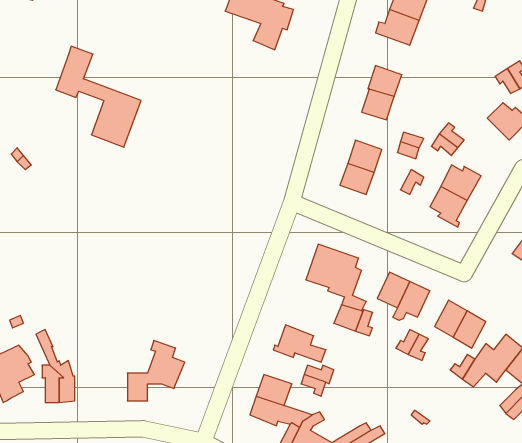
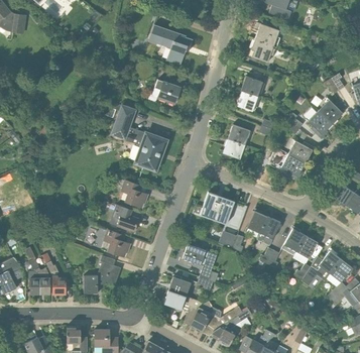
building: [56,46,141,147] -> [111,105,166,170]
building: none -> [154,79,179,104]
building: none -> [307,110,332,139]
building: none -> [121,180,147,208]
building: none -> [112,205,138,232]
building: none -> [101,229,129,257]
building: none -> [42,253,66,295]

